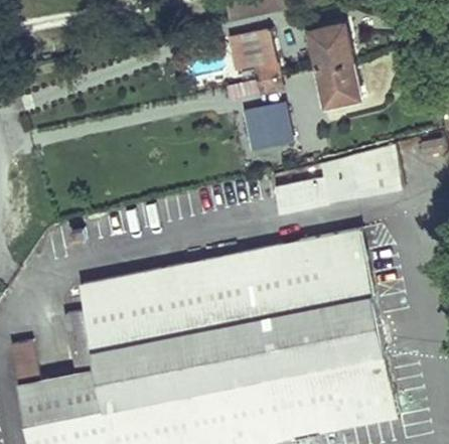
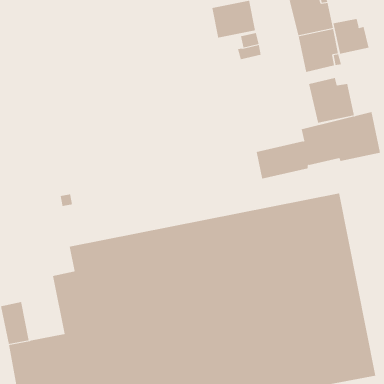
building: none -> [333,18,369,55]
building: [243,102,290,148] -> none
building: none -> [308,77,355,123]

